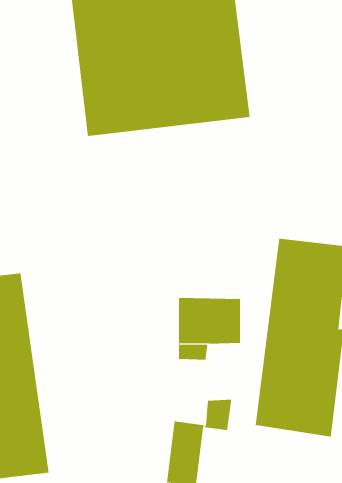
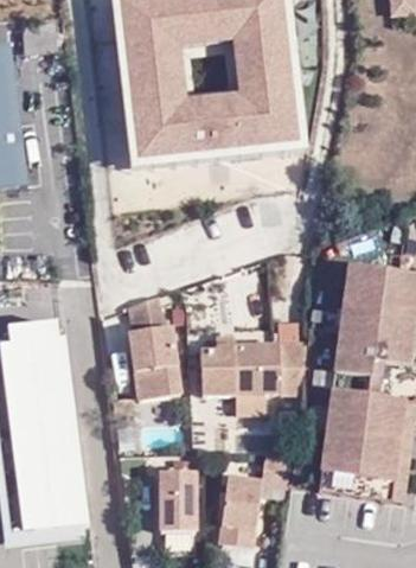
building: none -> [128,296,179,398]
building: none -> [204,340,231,391]
building: none -> [159,472,196,532]

